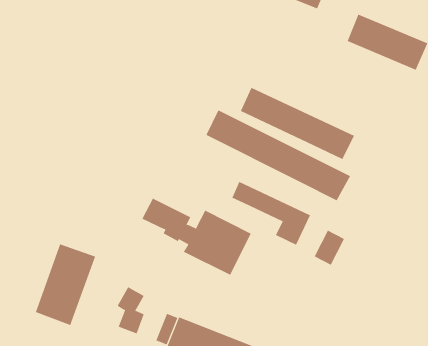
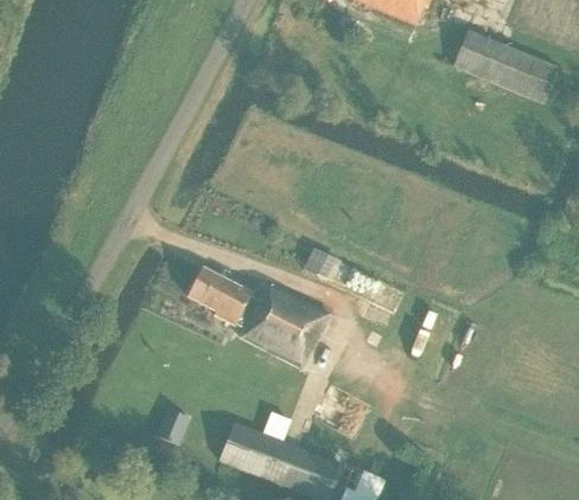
building: [240,87,355,160] -> none
building: [206,110,351,201] -> none
building: [35,244,96,326] -> none

